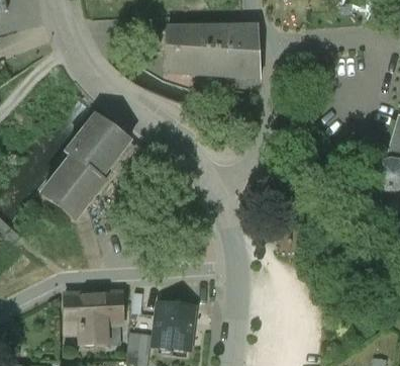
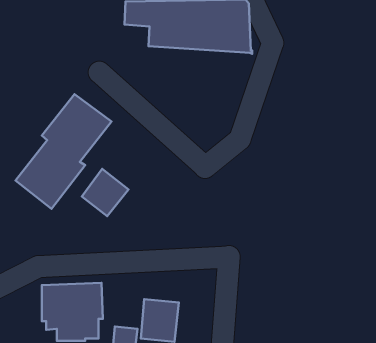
building: none -> [82,169,129,216]

